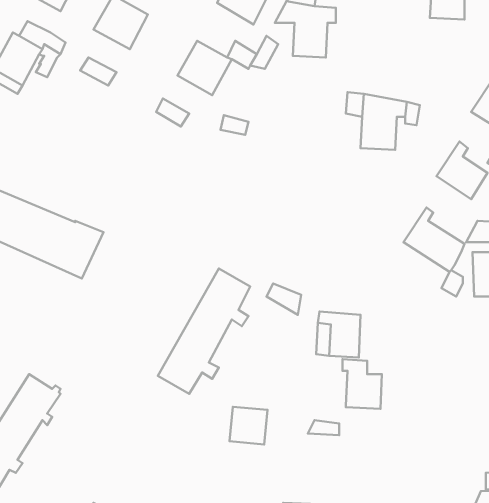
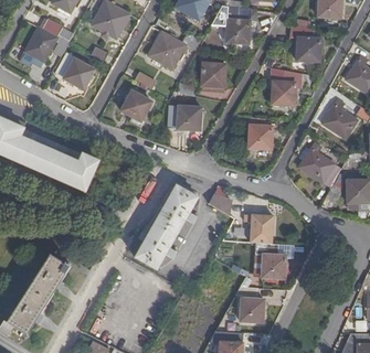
building: none -> [289,24,321,62]
building: none -> [56,54,94,88]
building: none -> [202,63,225,86]
building: none -> [120,90,152,121]
building: none -> [168,101,201,129]
building: none -> [245,118,273,149]
building: [230,407,267,445] -> [240,297,265,322]

